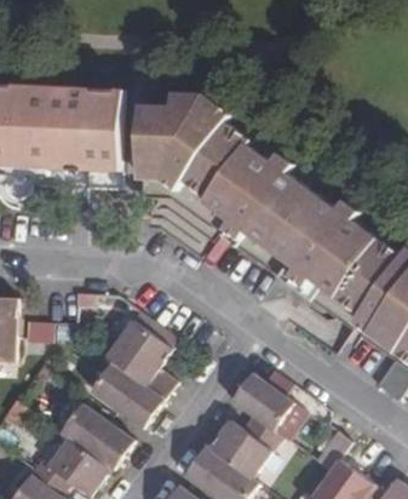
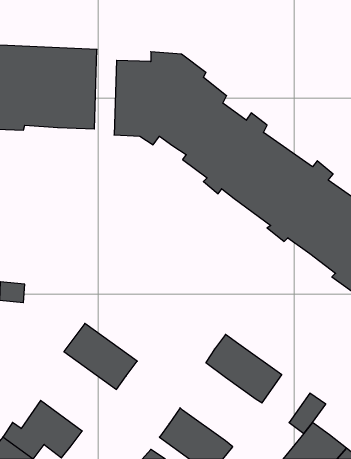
building: [104,311,177,400] -> none
building: [59,403,132,471] -> none
building: [207,415,280,478] -> none

